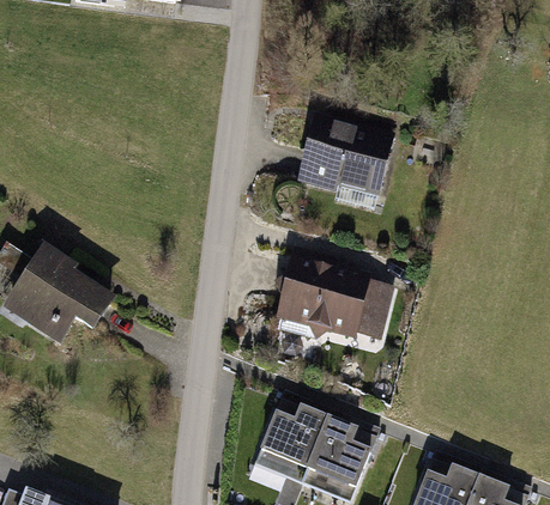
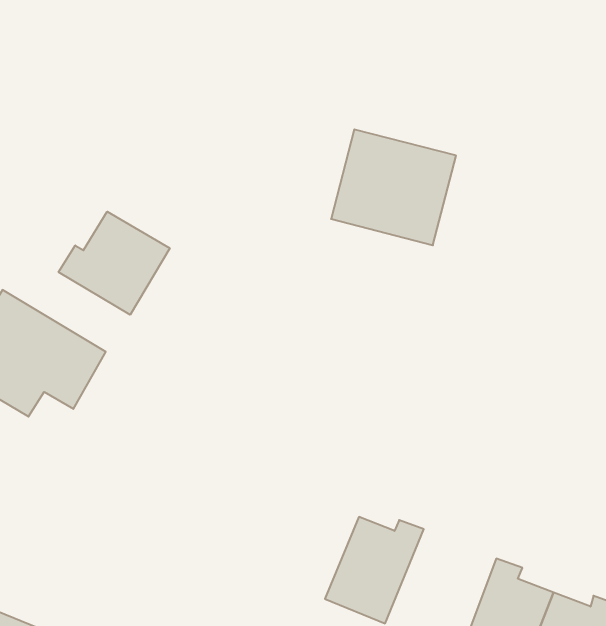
building: none -> [59,212,170,315]
building: [280,255,391,349] -> none
building: [249,391,322,483] -> none

